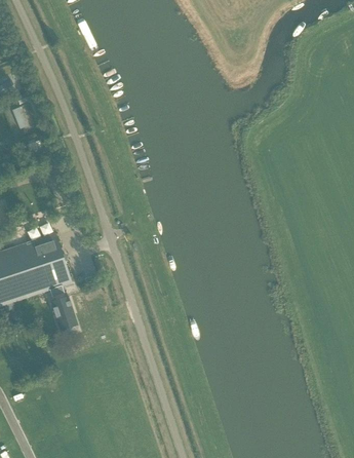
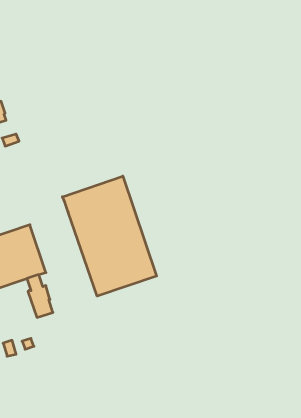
building: none -> [62,176,157,296]

